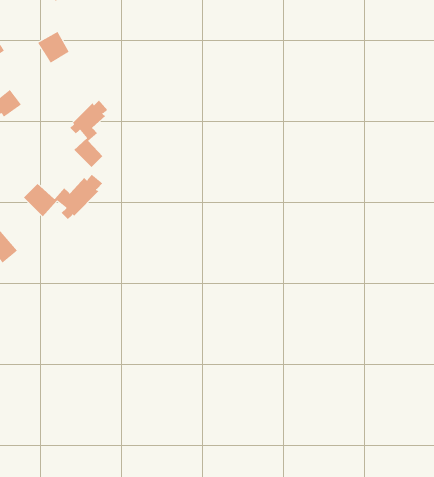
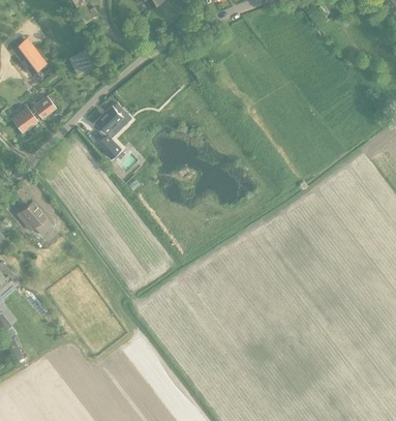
building: [23,174,103,220] -> none

